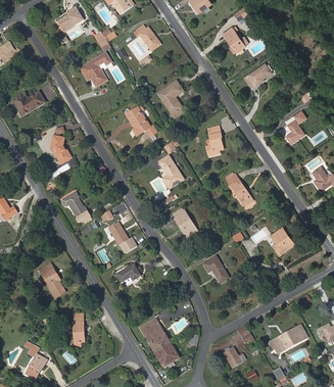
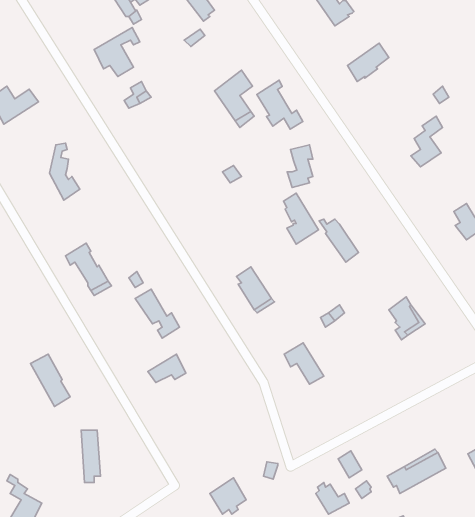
building: [127,105,156,137] -> [257,80,303,129]
building: [160,155,183,188] -> [284,193,318,244]
building: [140,319,171,353] -> none

